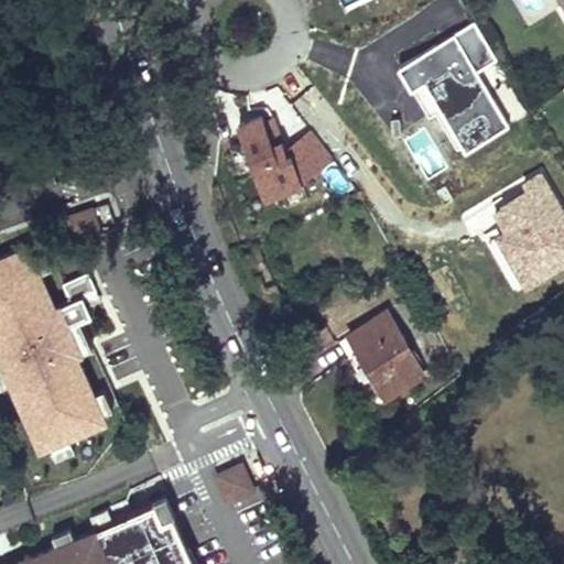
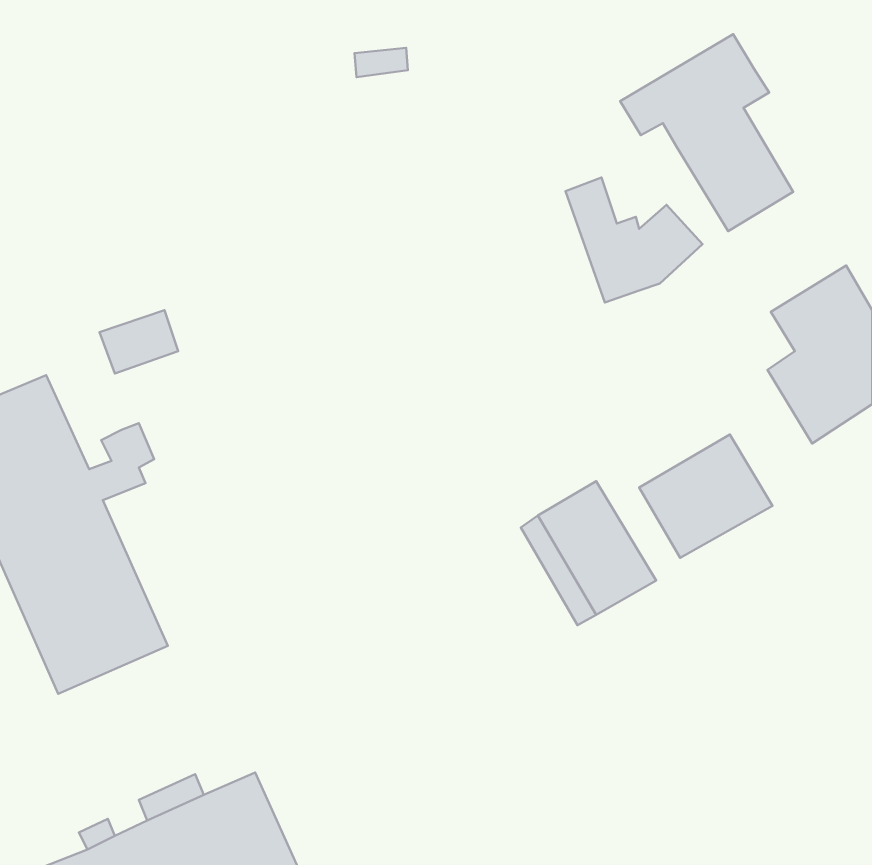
building: [242,119,330,199] -> [566,177,703,302]
building: none -> [639,434,772,558]
building: [214,463,256,505] -> none

